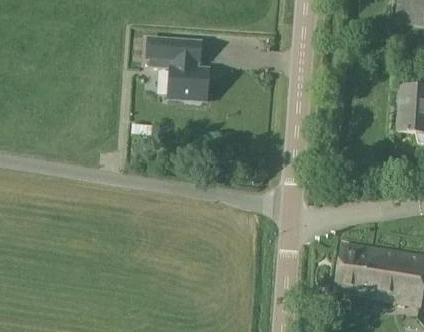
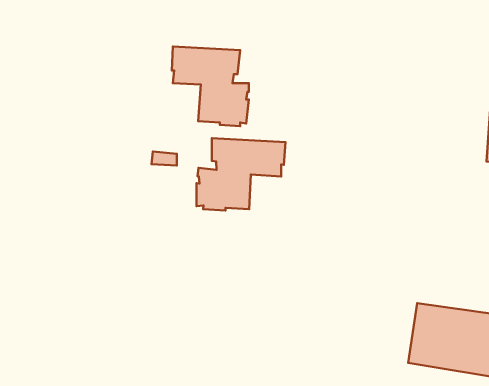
building: none -> [197,138,285,210]

